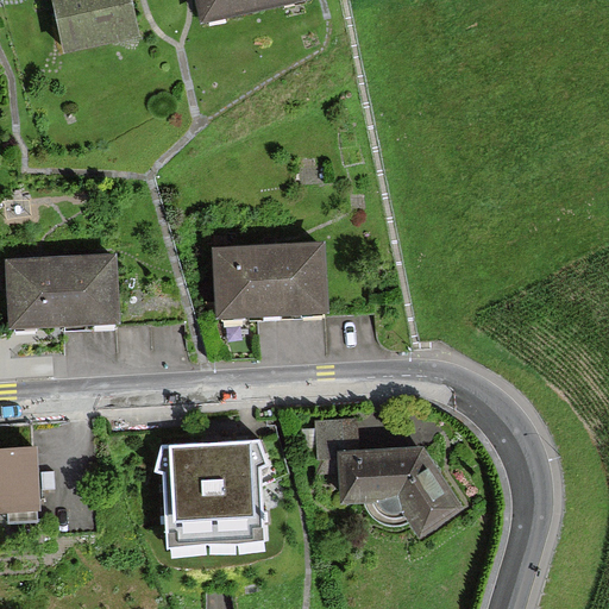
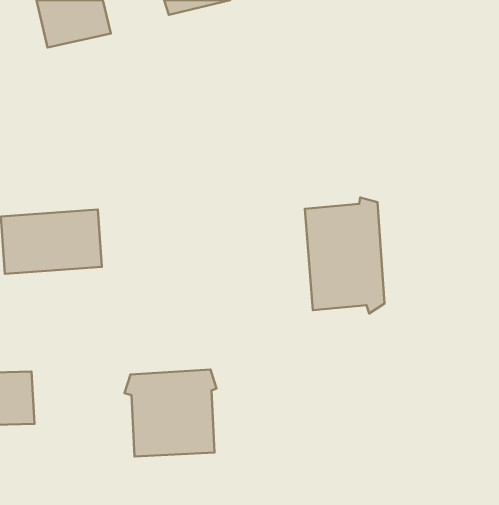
building: none -> [305,197,385,314]
building: [214,241,334,315] -> none
building: [314,422,467,532] -> none

